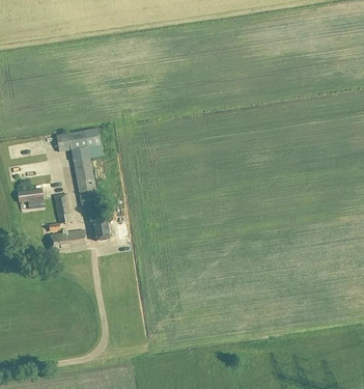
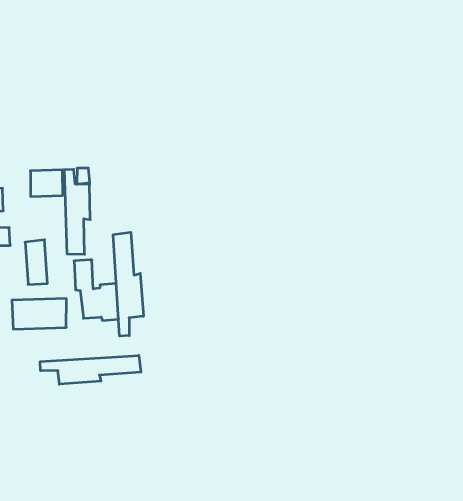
building: none -> [113,232,143,336]
building: none -> [40,355,141,384]

